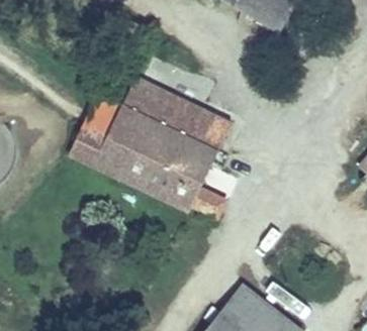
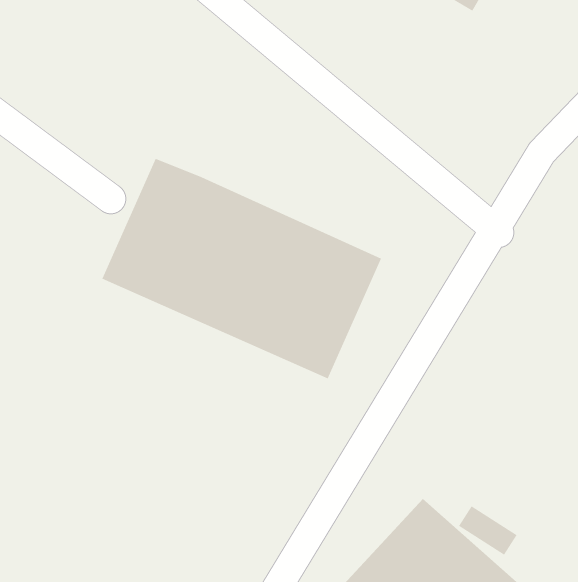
building: [128,81,239,152] -> none

